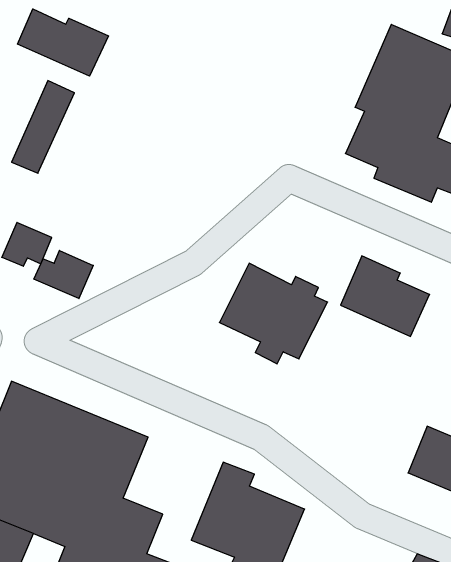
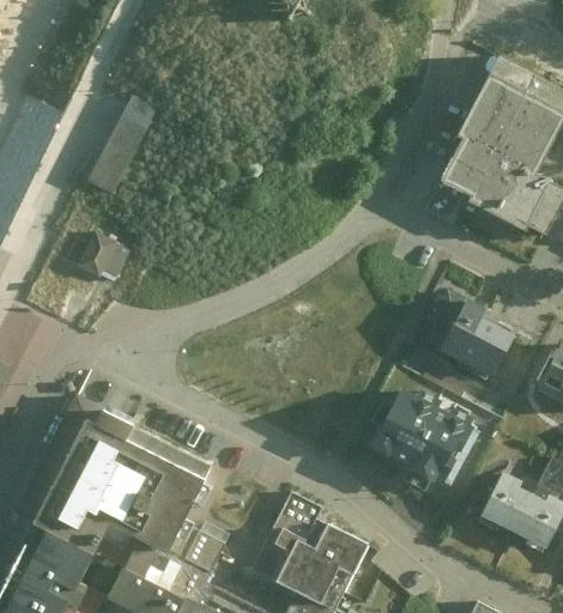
building: [17,9,108,76] -> none
building: [34,250,93,299] -> none
building: [219,263,328,364] -> [369,387,482,492]

